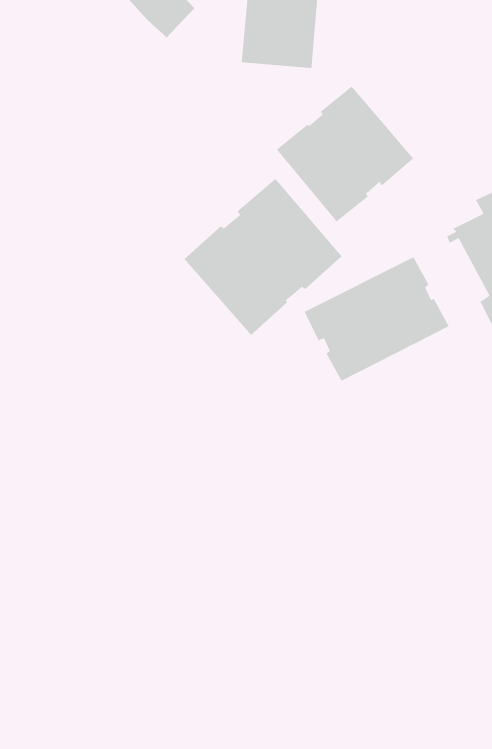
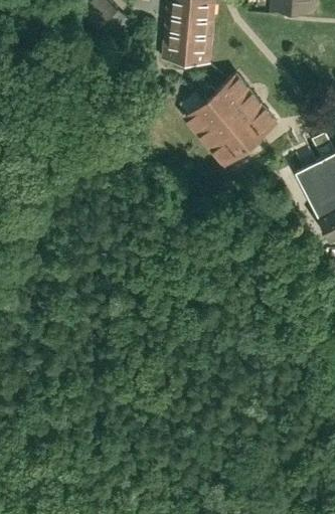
building: [183,178,343,336] -> none
building: [303,256,450,382] -> none

